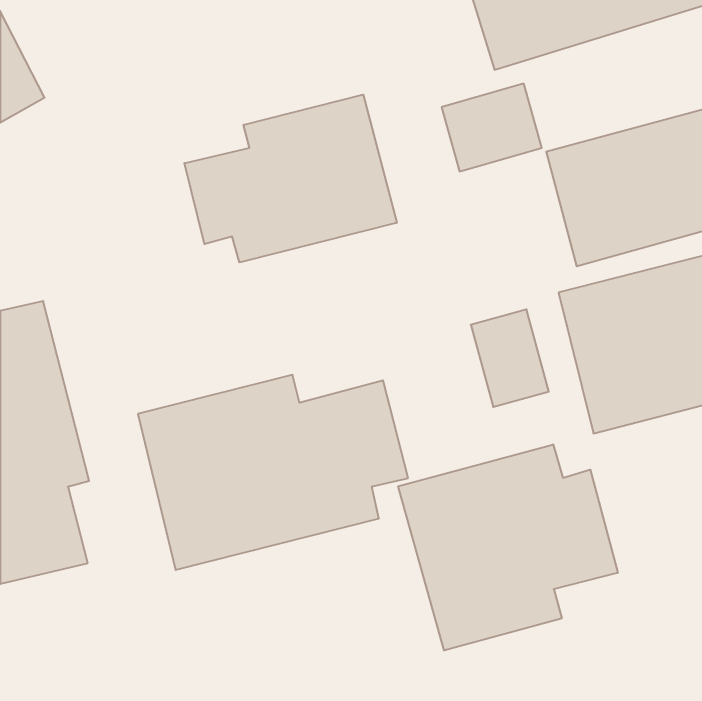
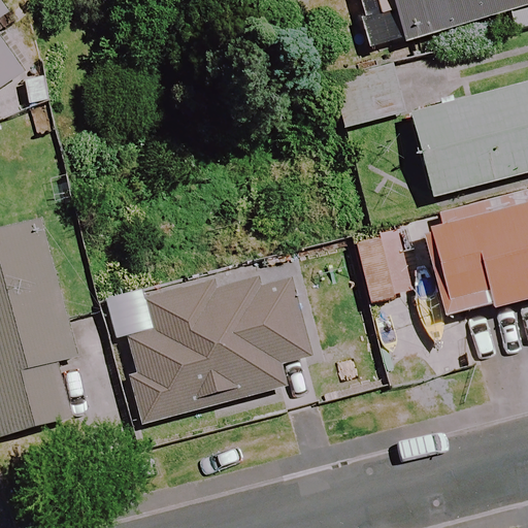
building: [184,95,397,262] -> none
building: [398,444,618,650] -> none

